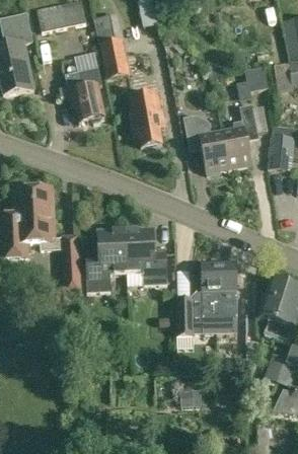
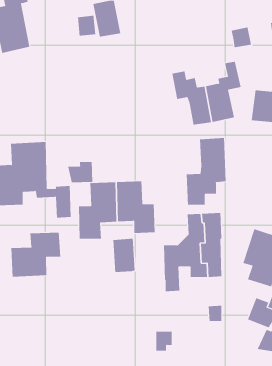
building: [64,71,104,123] -> none
building: [129,92,164,146] -> none
building: none -> [186,137,226,206]
building: none -> [68,161,93,183]
building: none -> [11,232,61,277]
building: none -> [113,238,135,273]

